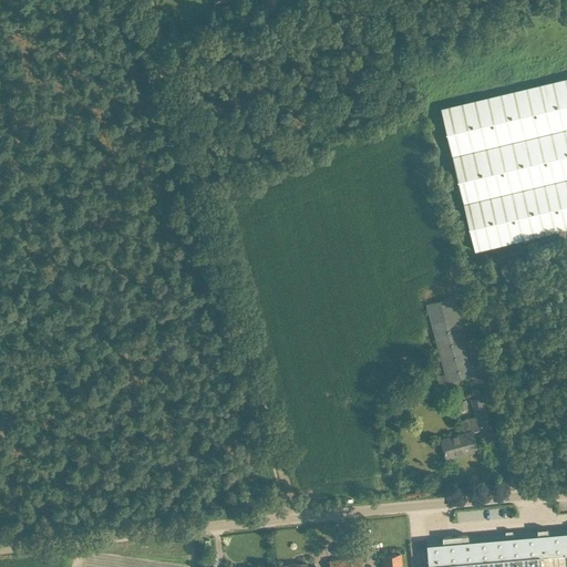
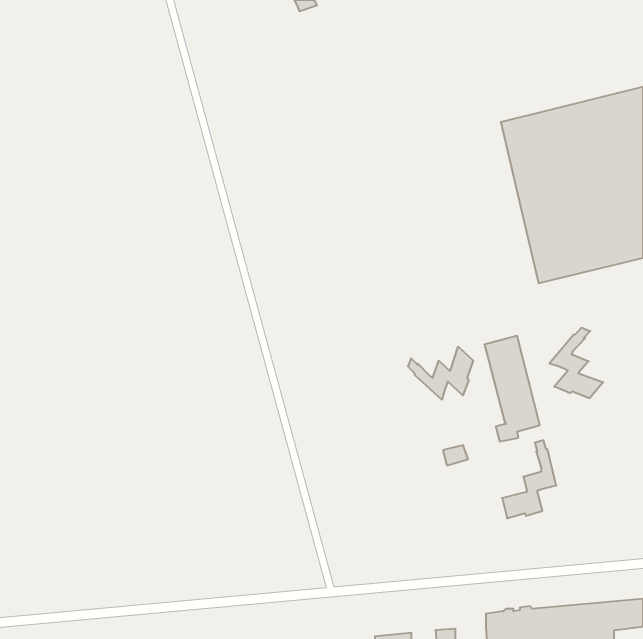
building: none -> [549,328,603,398]
building: none -> [408,347,473,400]

